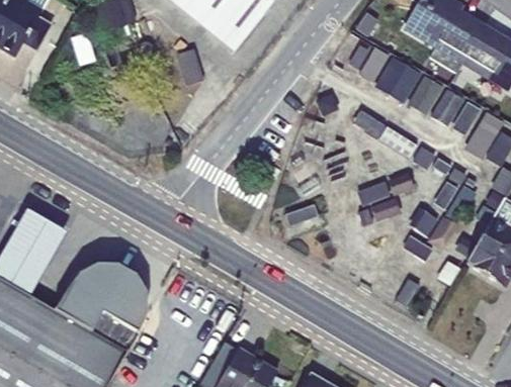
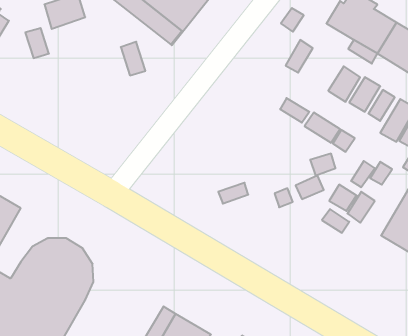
building: [374,55,422,102] -> none

